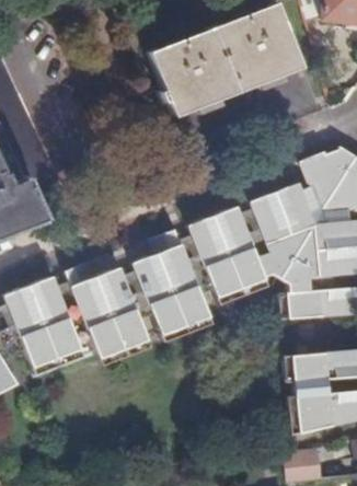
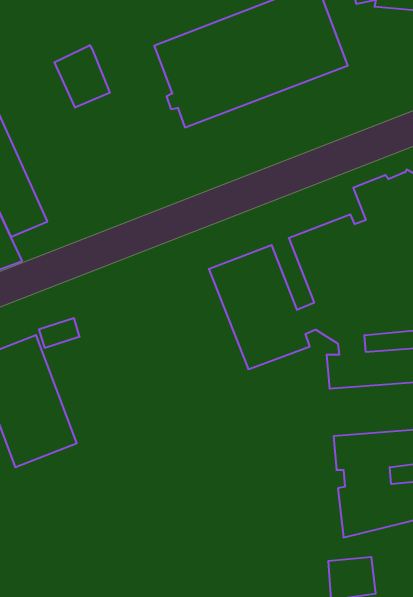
building: none -> [55,45,110,108]
building: [136,245,210,333] -> none
building: [76,270,151,358] -> none

